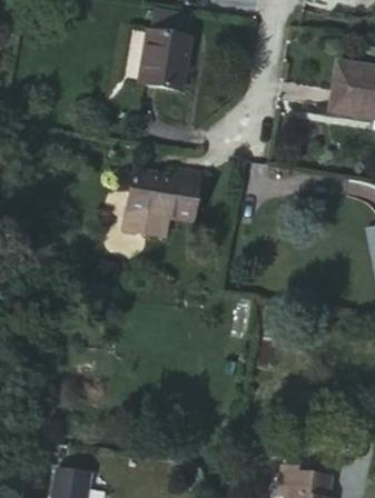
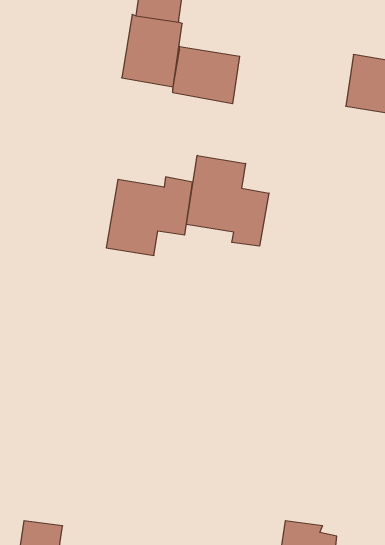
building: none -> [173,46,240,104]
building: none -> [187,155,269,246]

